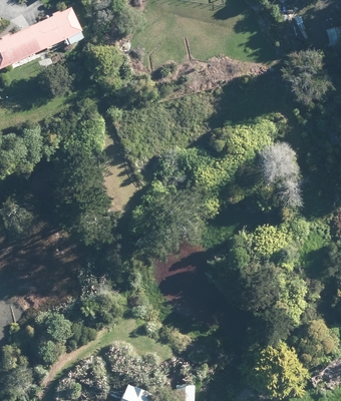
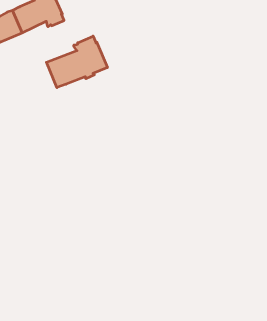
building: none -> [46,36,107,88]

